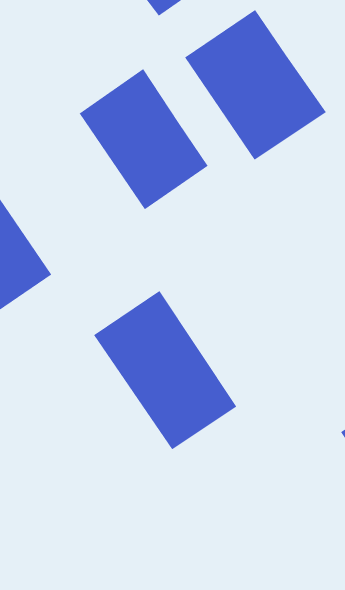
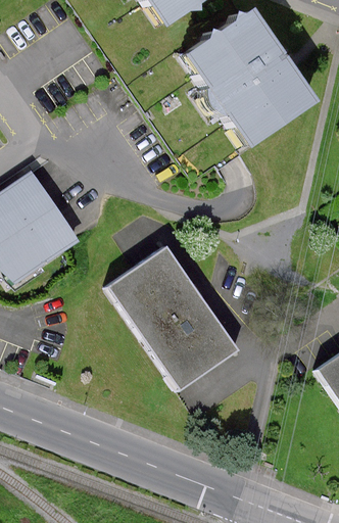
building: [79,68,209,210] -> none

